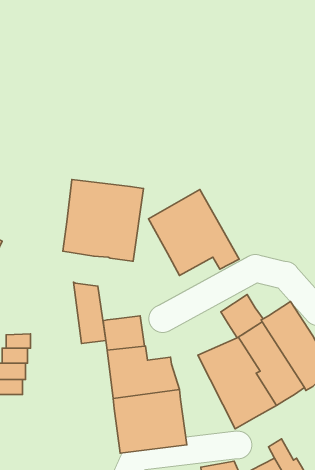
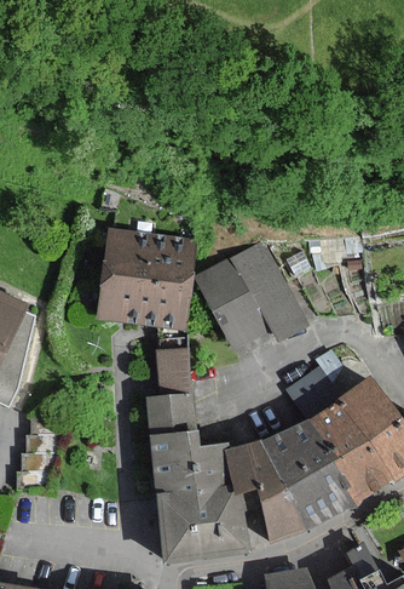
building: [73,282,106,344] -> [152,324,191,398]
building: none -> [229,441,305,541]

